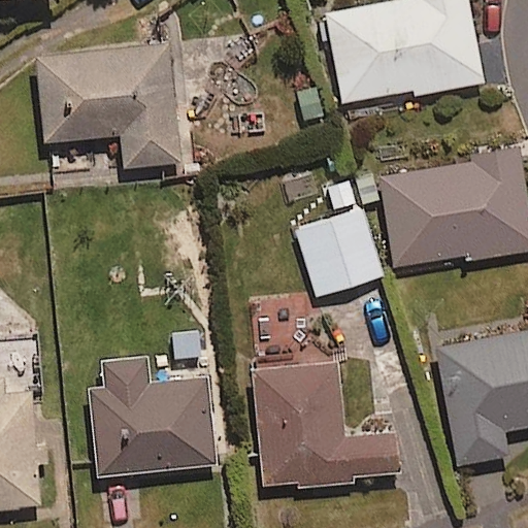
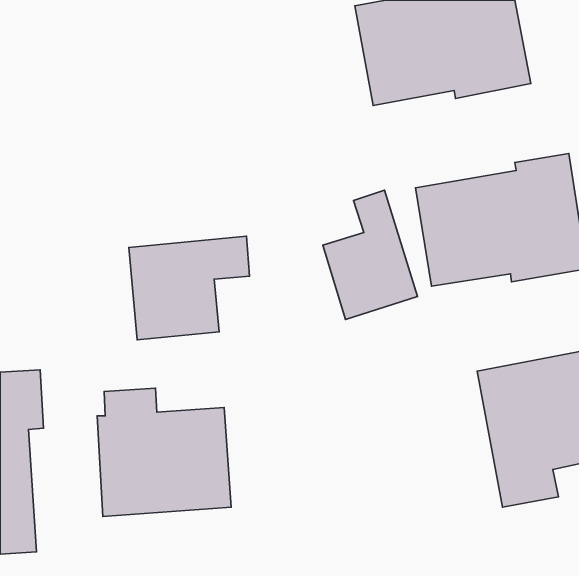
building: [37,43,179,167] -> none
building: none -> [129,236,250,340]
building: [251,363,399,489] -> none

